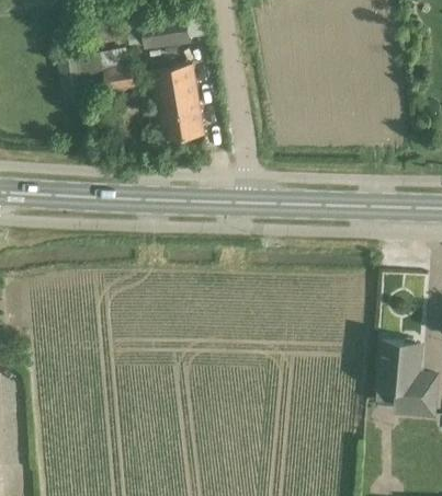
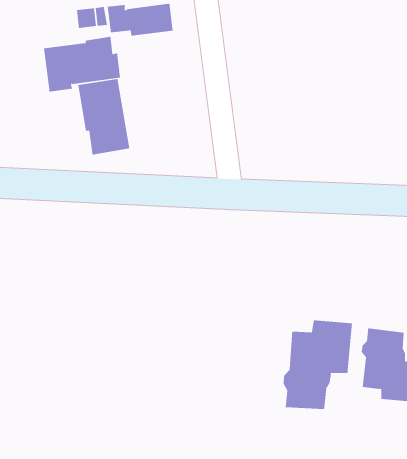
building: [151,65,204,141] -> [78,78,130,155]
building: none -> [283,319,352,410]

